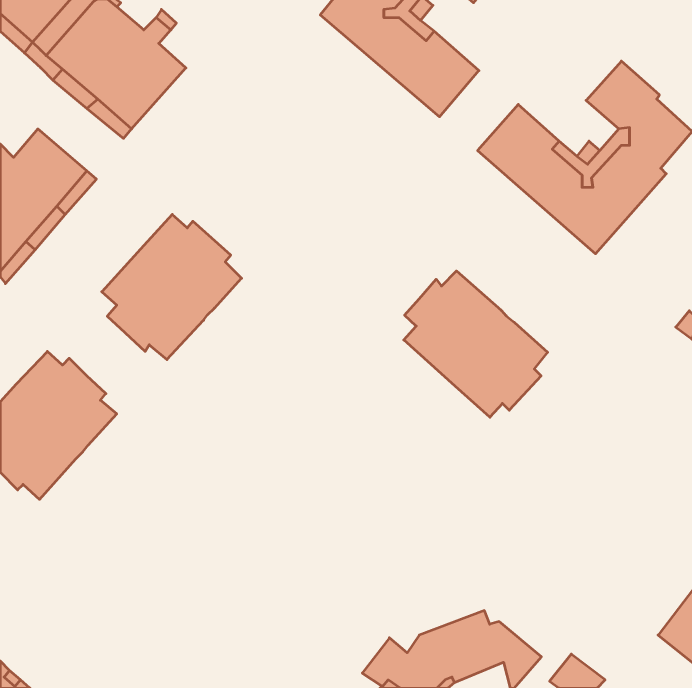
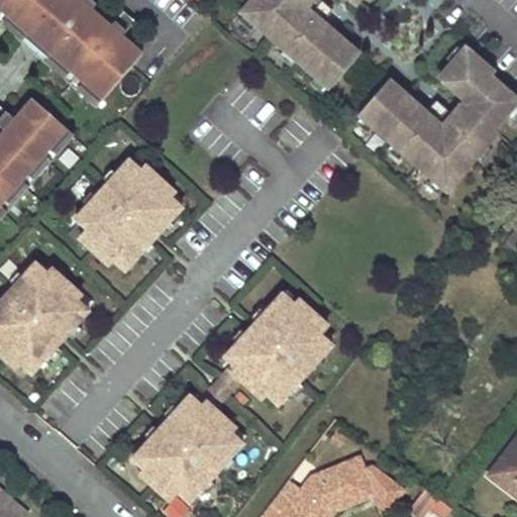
building: [404,271,548,417] -> none
building: none -> [132,290,334,502]

